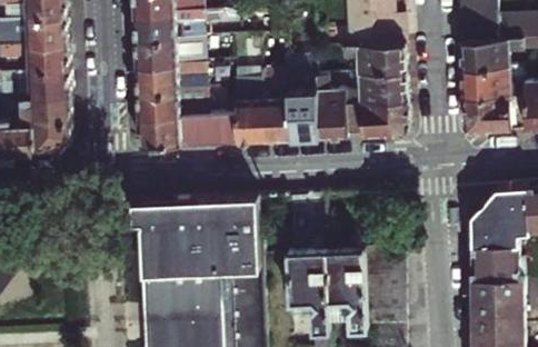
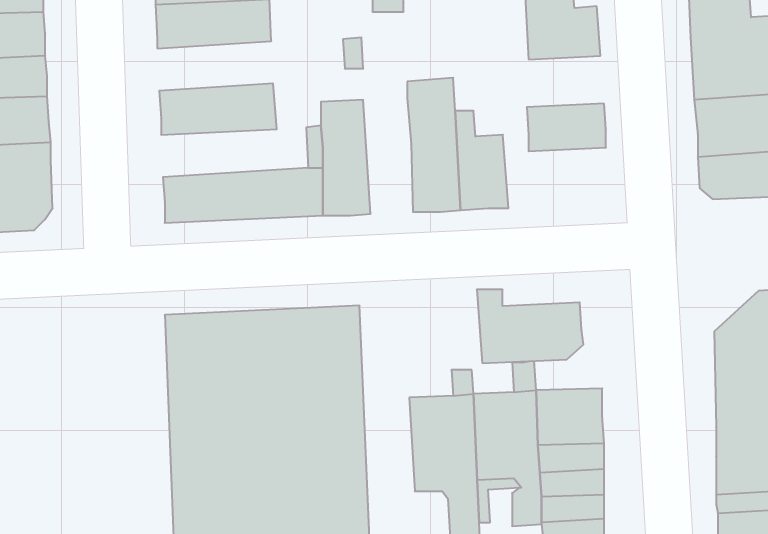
building: [133,36,203,66] -> none
building: [339,44,404,76] -> none
building: [258,70,288,140] -> none
building: [136,89,206,118] -> none
building: [342,92,407,137] -> [477,290,583,363]

